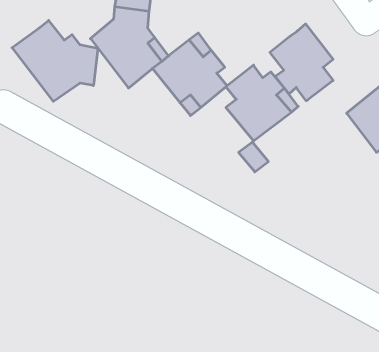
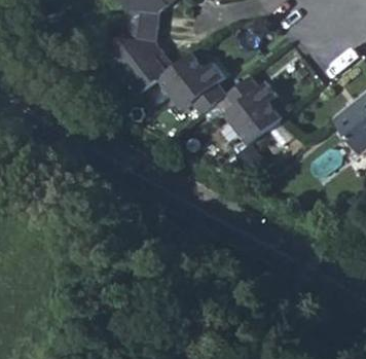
building: [12,20,98,101] -> none
building: [270,24,333,101] -> none

